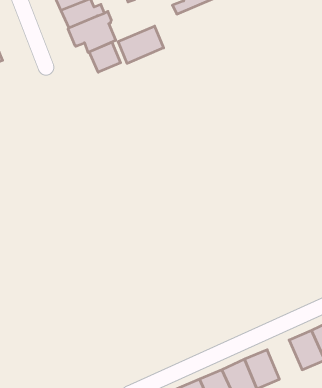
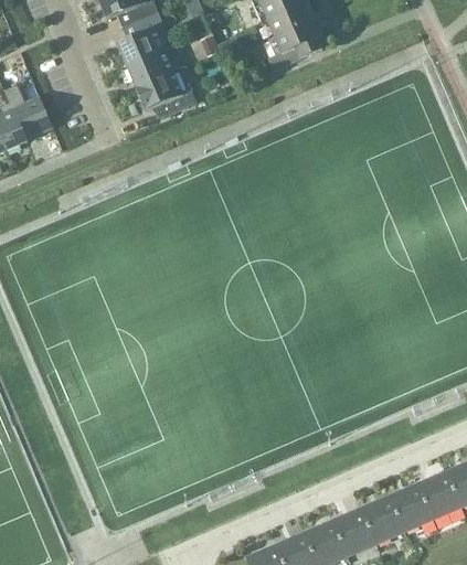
building: [118,26,164,63] -> none
building: [89,42,121,72] -> none
building: none -> [386,483,431,533]

